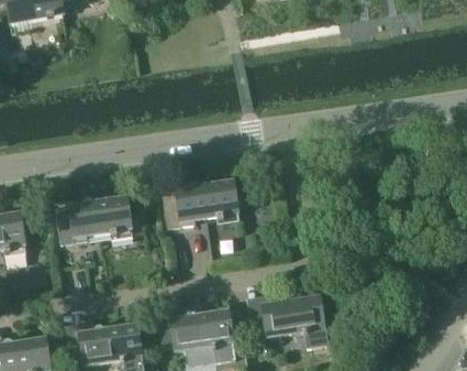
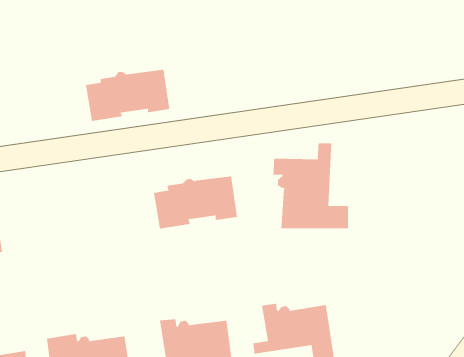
building: none -> [273,142,348,229]
building: [55,195,132,242] -> [85,69,170,121]

